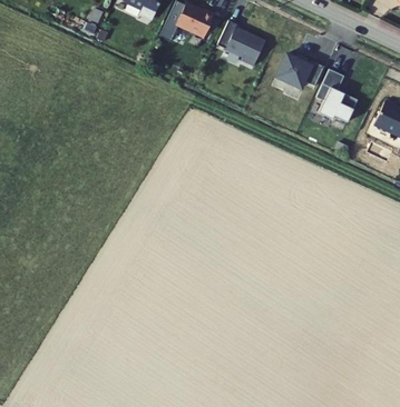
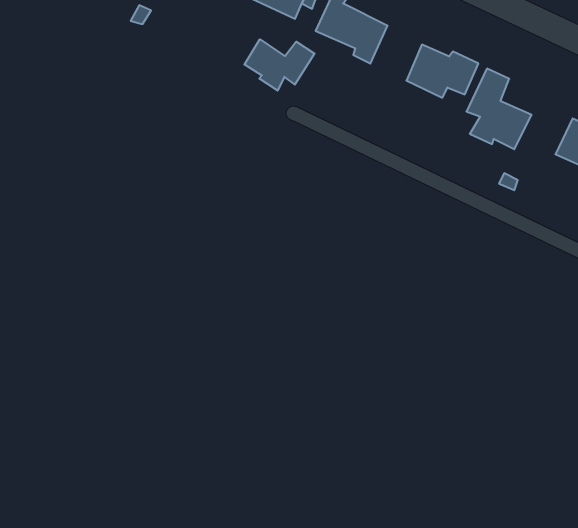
building: none -> [244,39,315,91]

